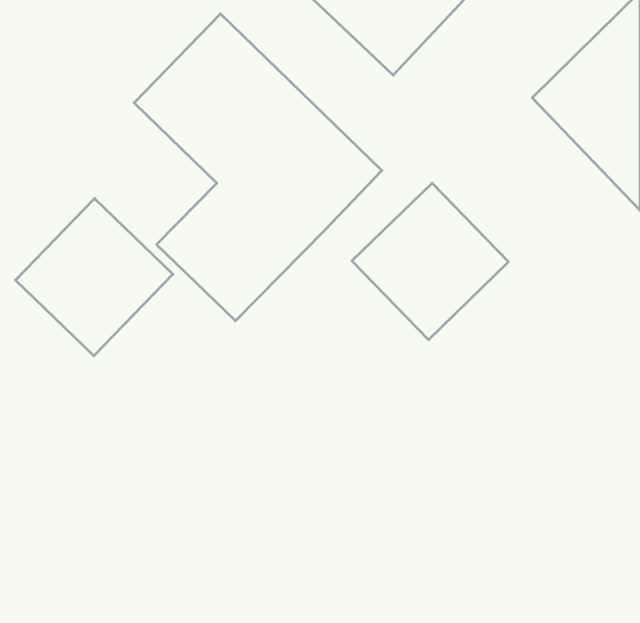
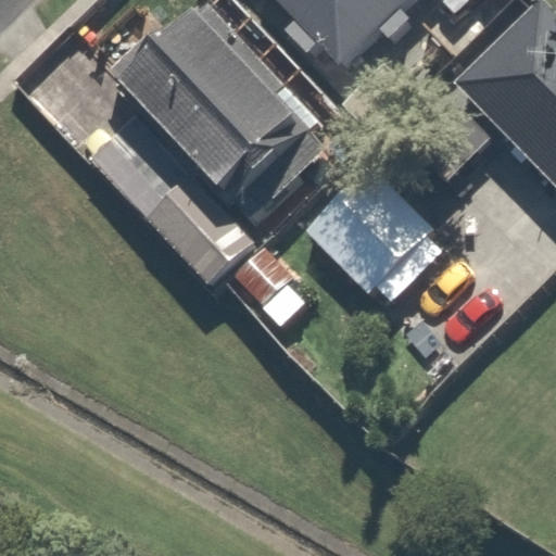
building: [15,198,173,356] -> none

